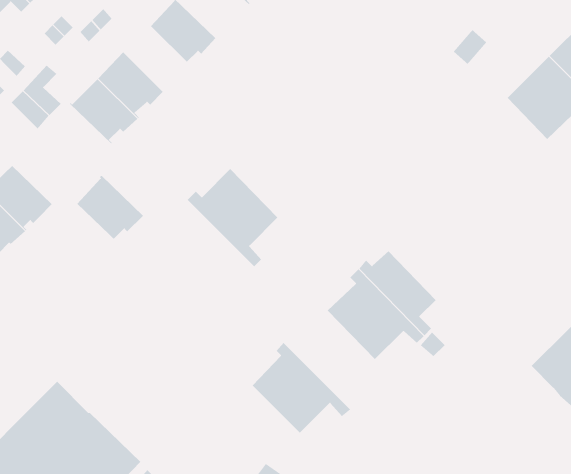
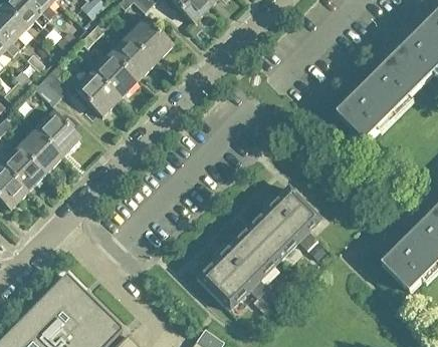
building: none -> [110,33,154,77]
building: none -> [338,81,394,137]
building: [187,168,278,267] -> [217,224,278,290]
building: [76,175,144,243] -> [35,107,80,152]

